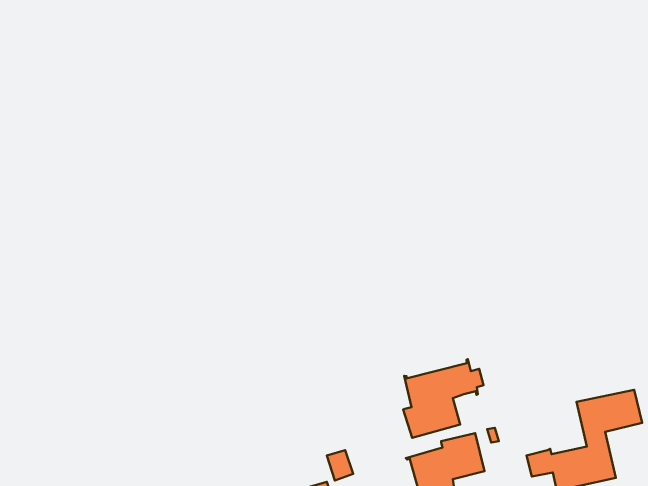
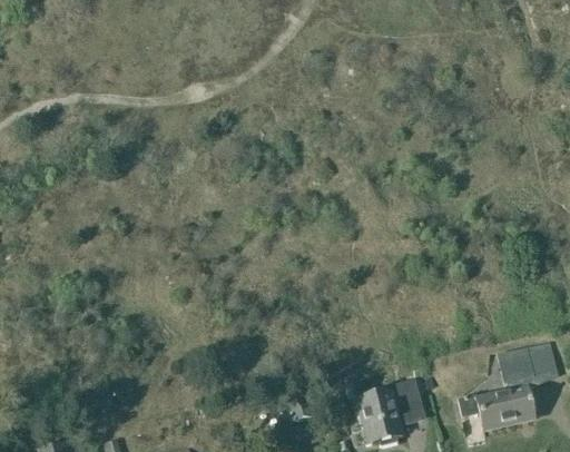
building: [403,359,483,438] -> none

